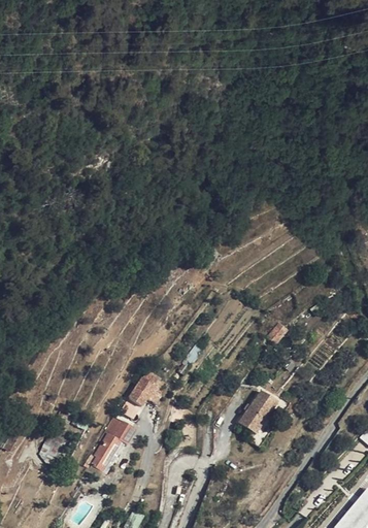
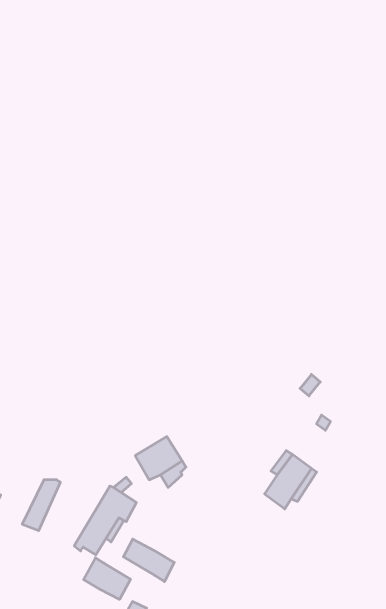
building: none -> [123,539,174,582]
building: none -> [84,558,130,599]

